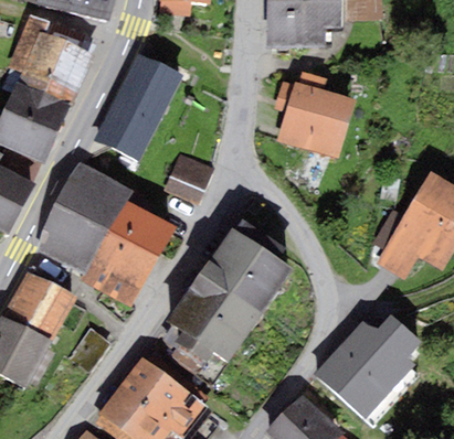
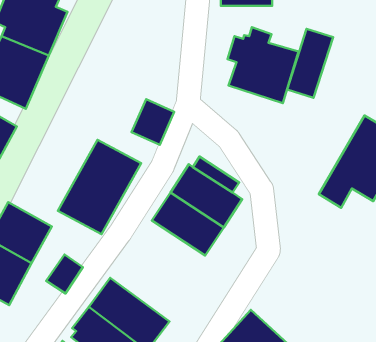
building: [93,52,182,160] -> none
building: none -> [287,29,333,98]
building: [35,162,133,272] -> none
building: [168,291,249,363] -> none
building: [313,314,421,419] -> none

